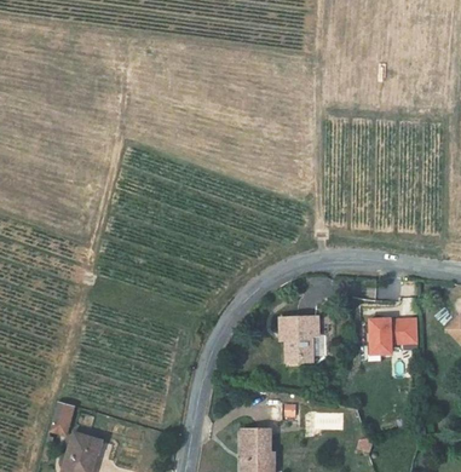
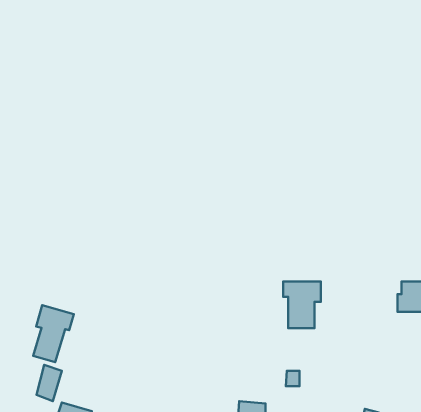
building: [370,315,396,356] -> none
building: none -> [33,305,74,362]

